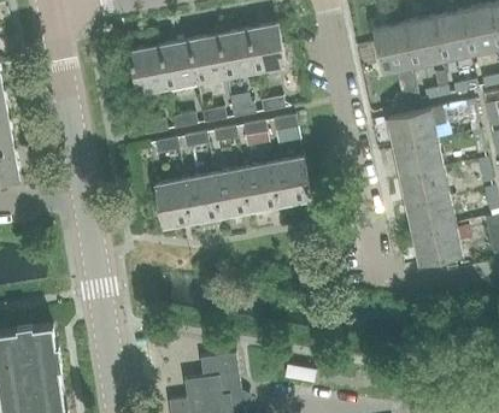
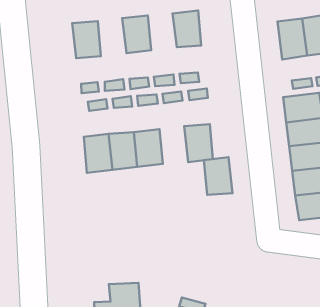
building: [218,31,256,77] -> none
building: [159,42,196,89] -> none
building: [243,164,281,211] -> [204,157,233,195]

